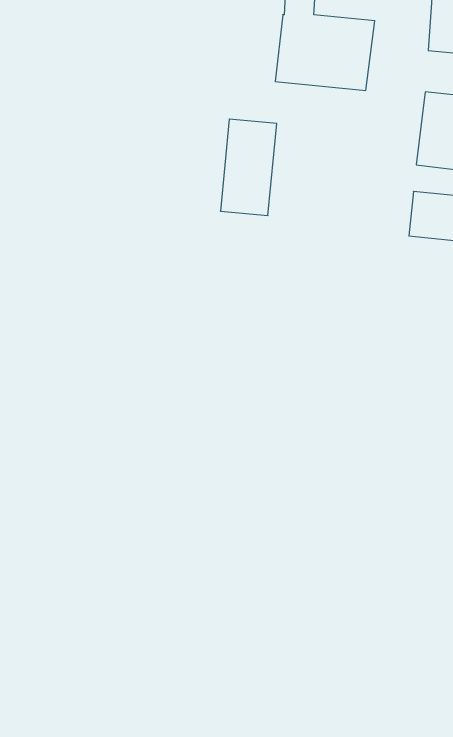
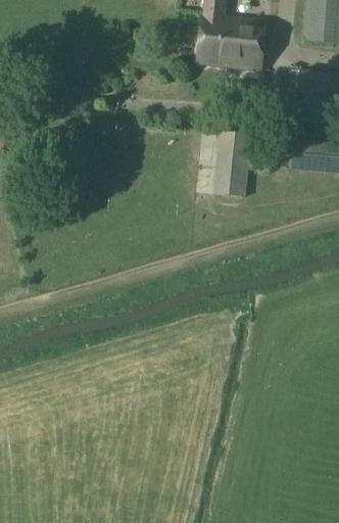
building: [220,119,277,216] -> [212,130,251,196]

